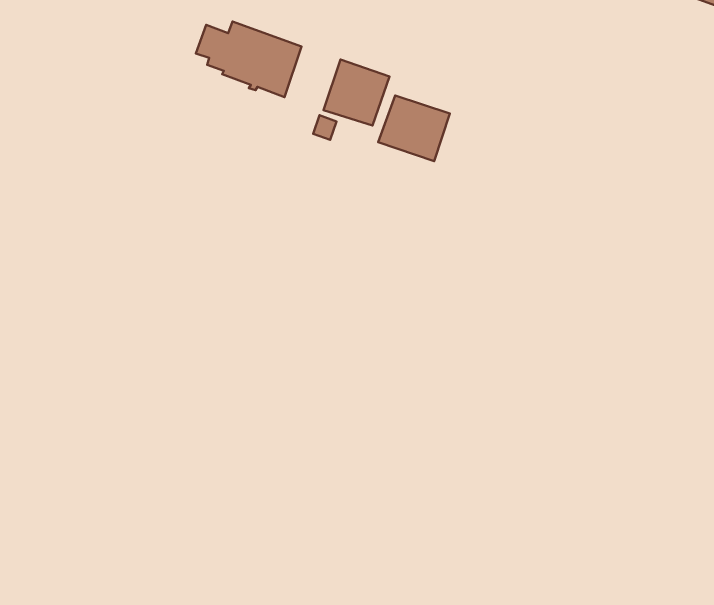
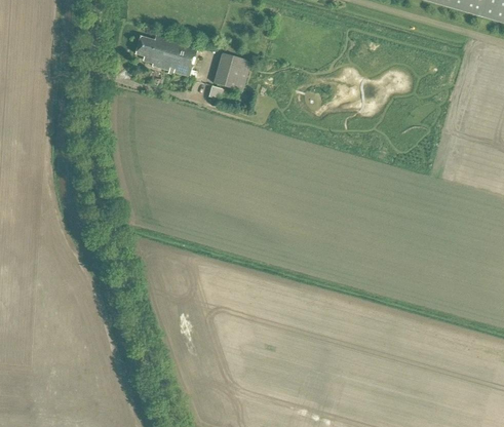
building: [378,96,450,161] -> none

